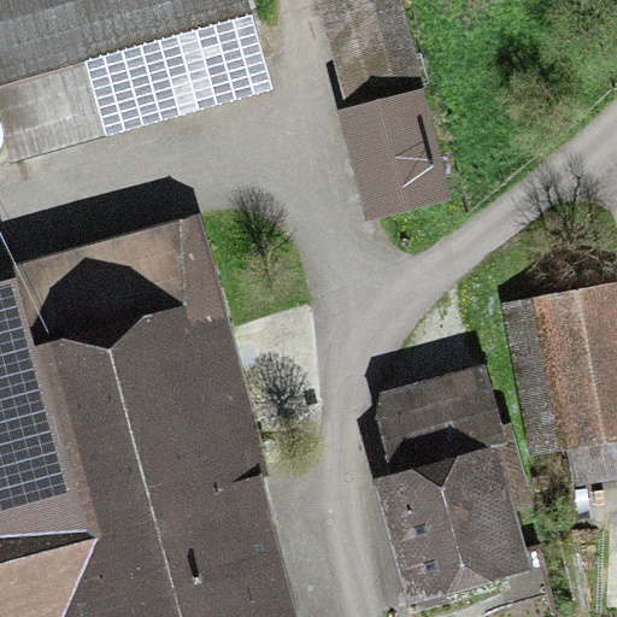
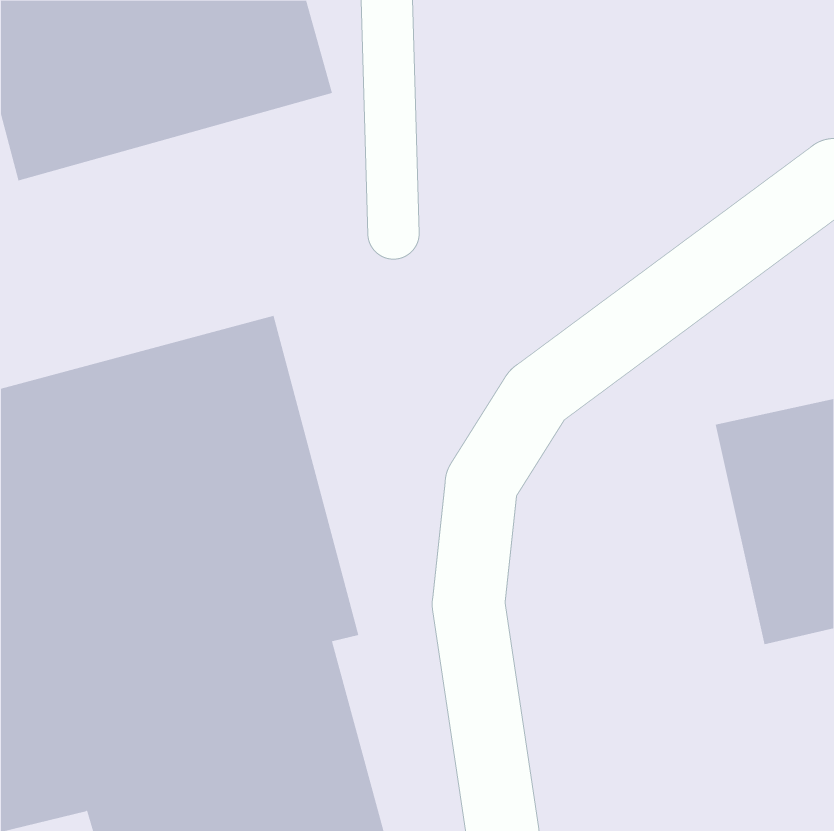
building: [346,60,442,208] -> none
building: [378,383,528,594] -> none

